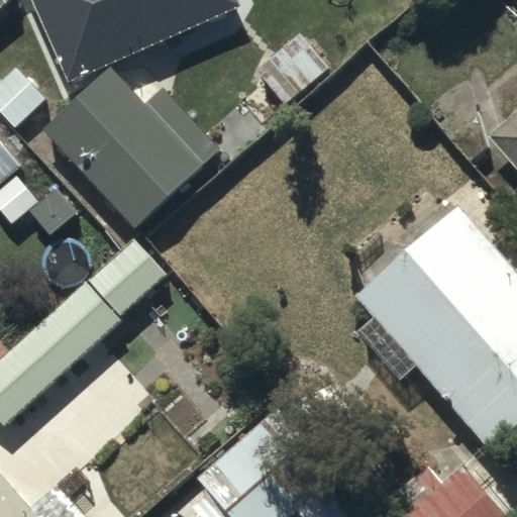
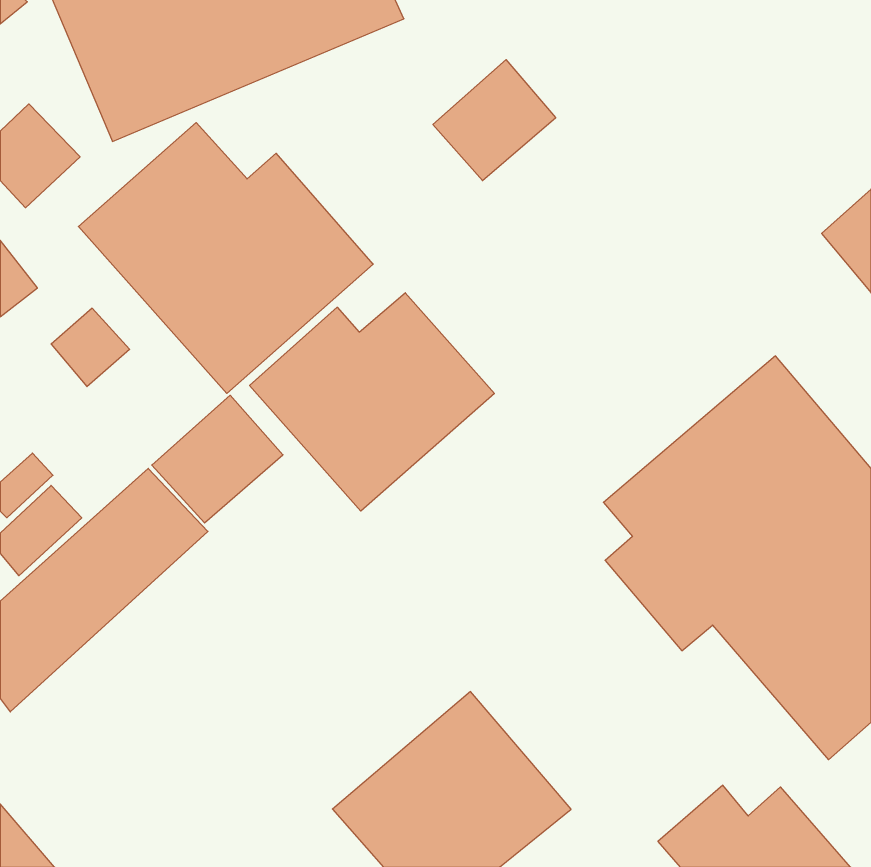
building: none -> [250,293,494,511]

